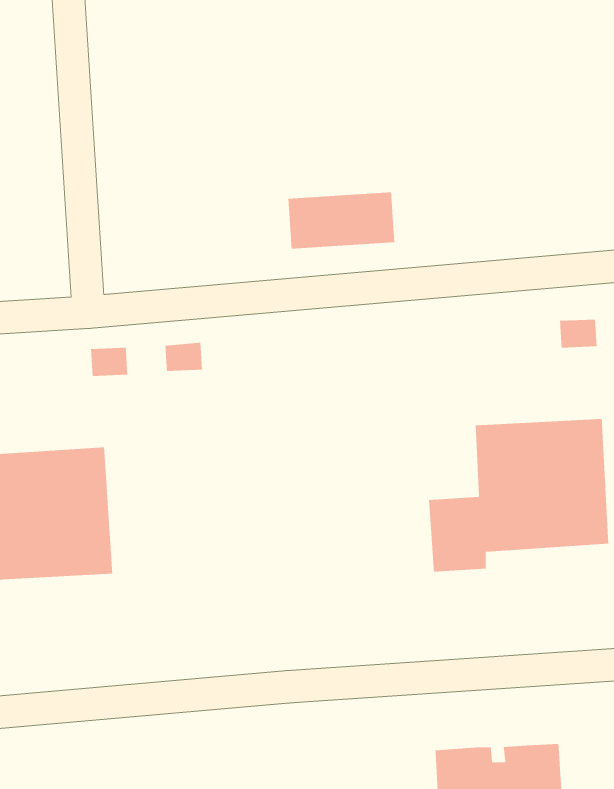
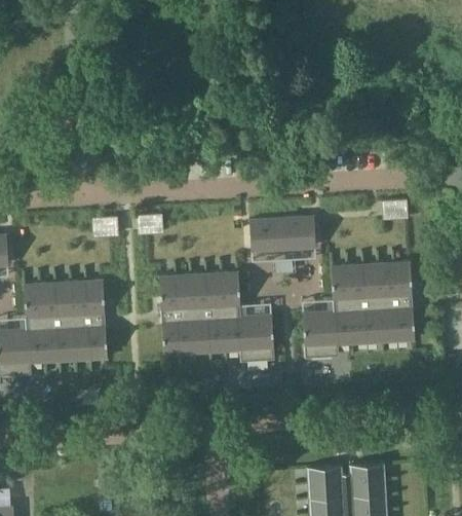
building: [287,192,395,250] -> [248,216,315,252]
building: none -> [158,272,274,362]

